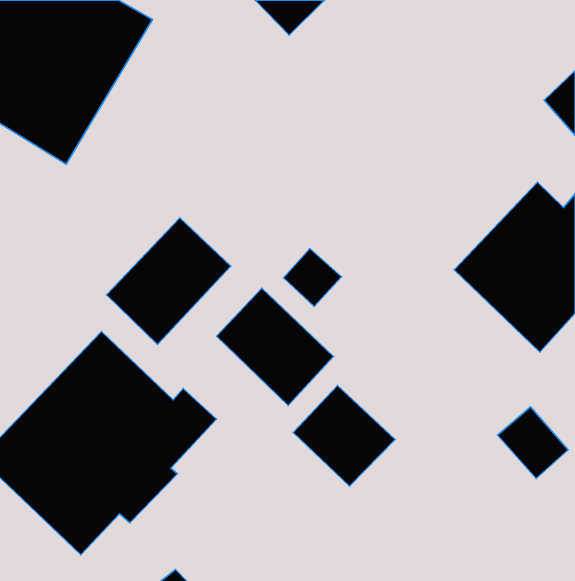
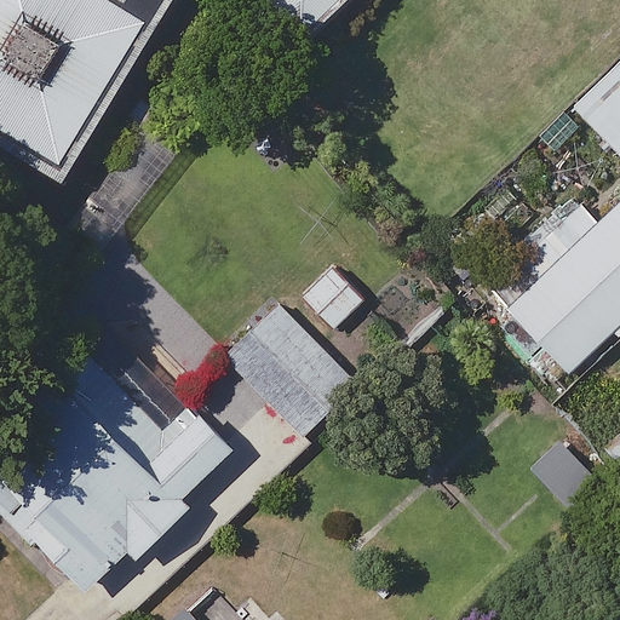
building: [107,218,231,344] -> none
building: [293,386,395,486] -> none

